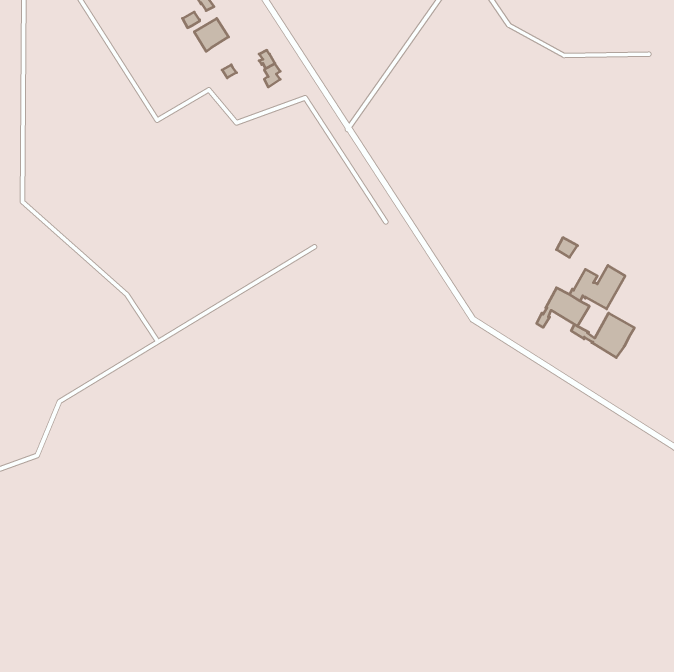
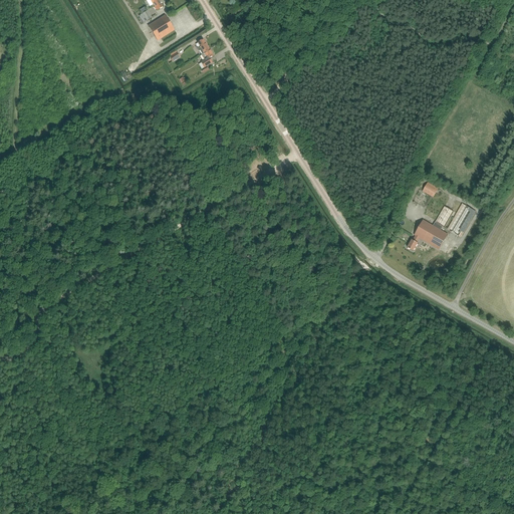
building: [571,313,634,358] -> none

